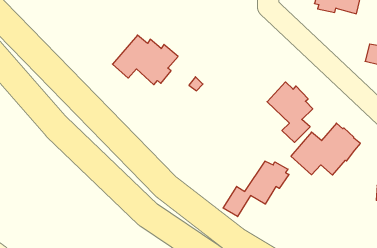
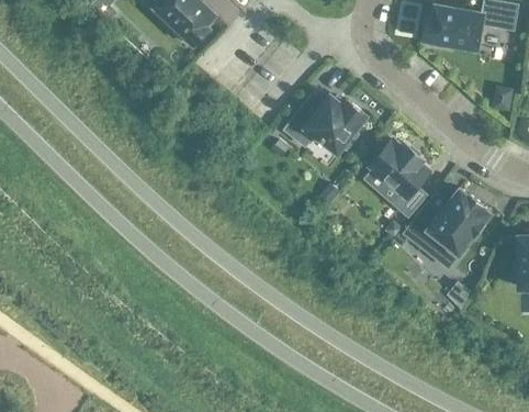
building: [112,35,178,85] -> [283,91,365,153]
building: [223,161,289,217] -> none

